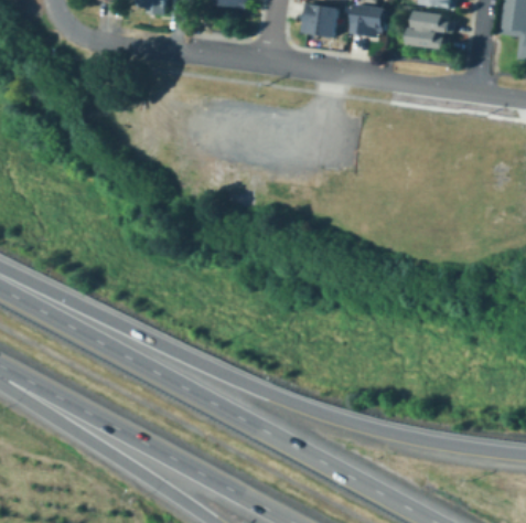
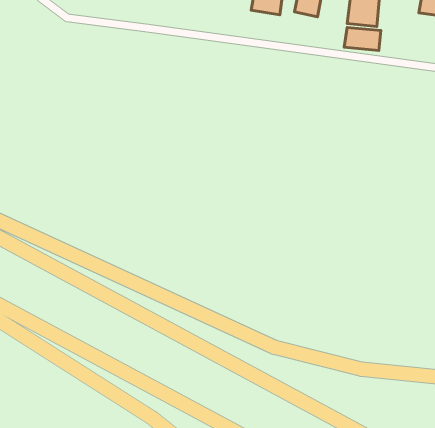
building: none -> [344,27,381,50]

